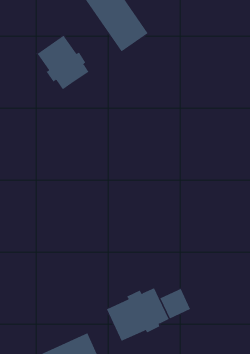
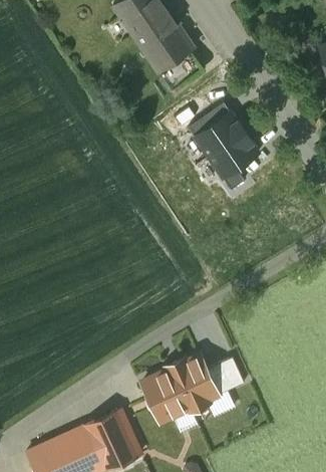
building: [37,35,89,90] -> none
building: none -> [189,101,267,188]

